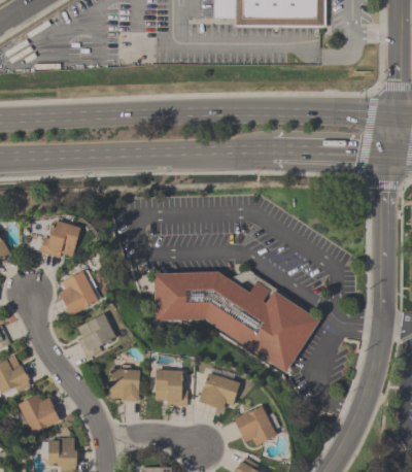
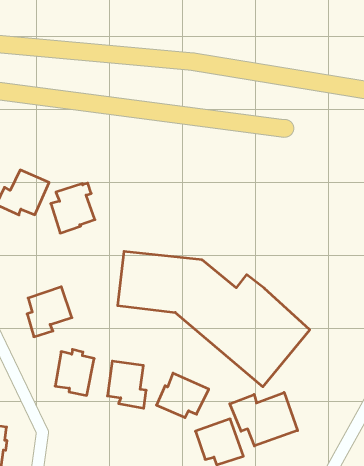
building: [59,269,98,314] -> [51,183,95,233]
building: none -> [230,392,298,446]

